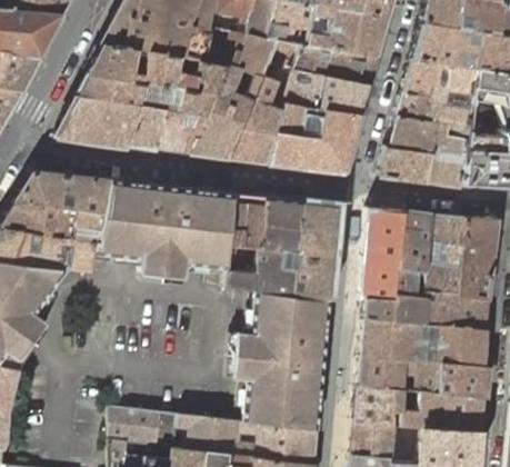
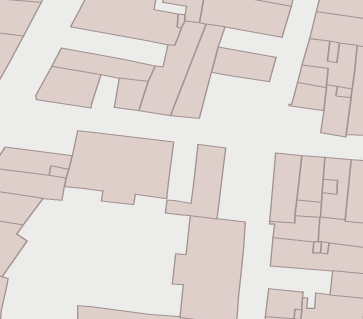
building: [89,44,228,97] -> none
building: [293,44,377,85] -> none
building: [269,103,360,172] -> none
building: [129,107,164,149] -> none
building: [379,147,431,182] -> none
building: [16,172,110,212] -> none
building: [227,195,267,271] -> none
building: [292,202,338,299] -> none
building: [359,356,442,394] -> none

